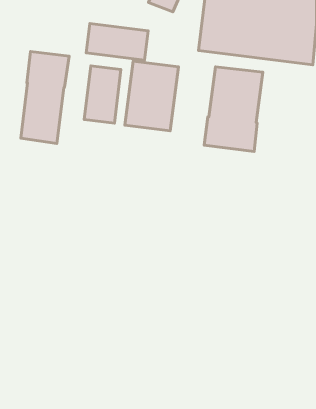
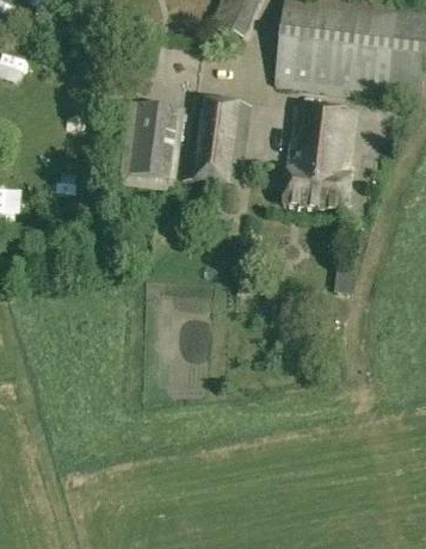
building: [86,24,148,60] -> none
building: [21,51,69,143] -> none

